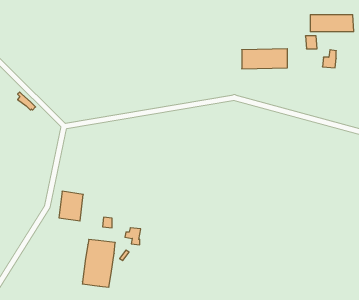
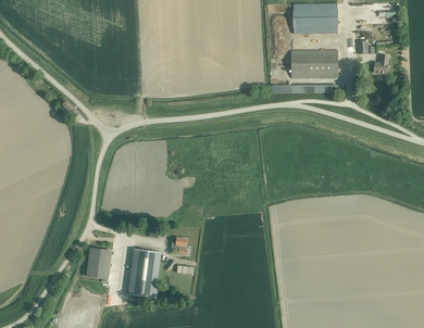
building: [310,15,354,32] -> [291,9,336,26]
building: [59,191,83,221] -> [85,247,110,277]

